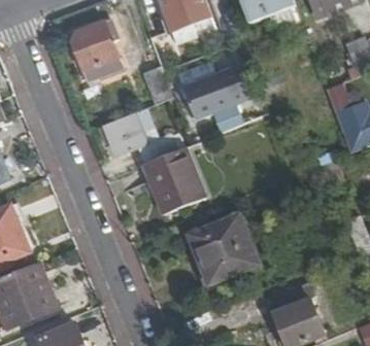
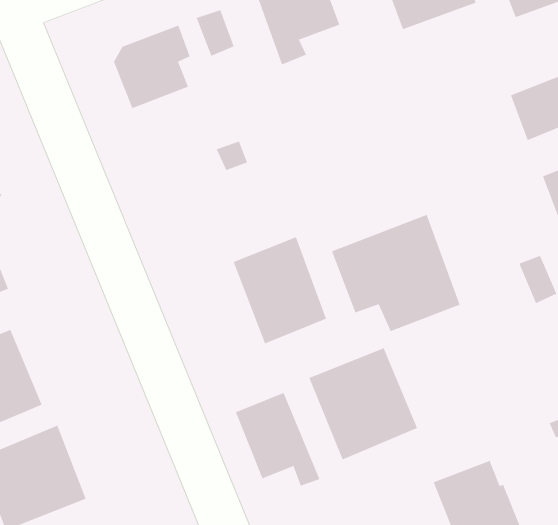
building: [187,57,266,129] -> [331,214,461,332]
building: [104,114,147,155] -> none
building: none -> [235,392,320,486]

